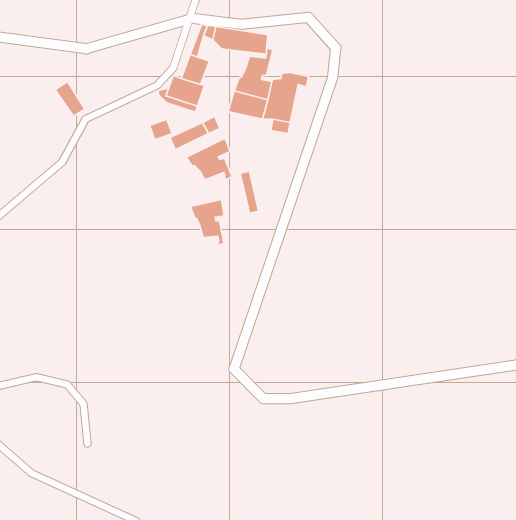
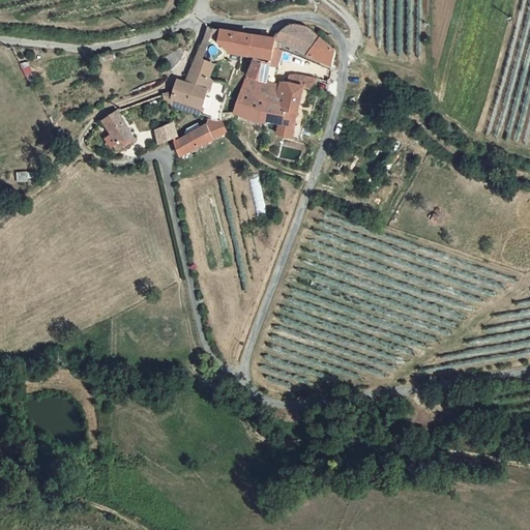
building: none -> [271,26,333,67]
building: [55,82,85,116] -> [101,112,131,147]
building: [186,138,232,180] -> none
building: [191,200,224,245] -> none

